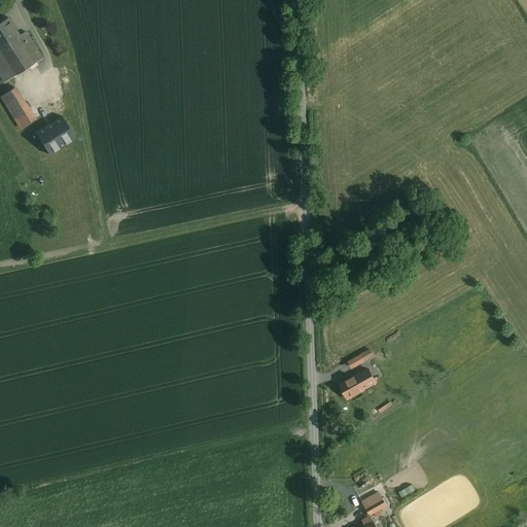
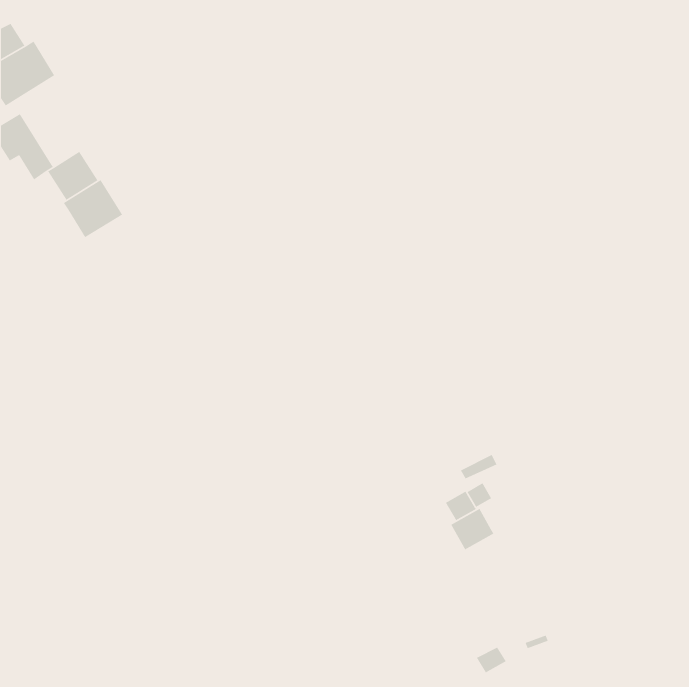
building: none -> [63,179,123,238]
building: none -> [450,508,495,550]

